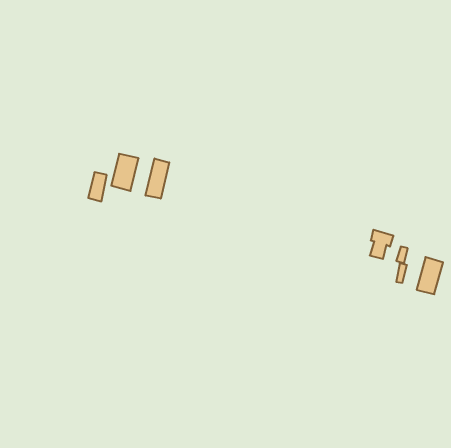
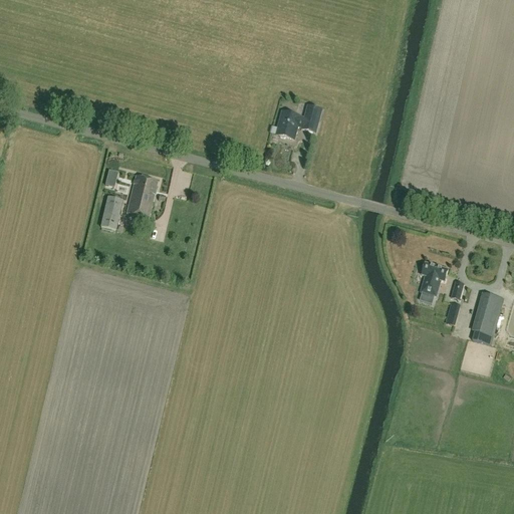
building: none -> [276,103,322,138]
building: [146,158,169,199] -> none

